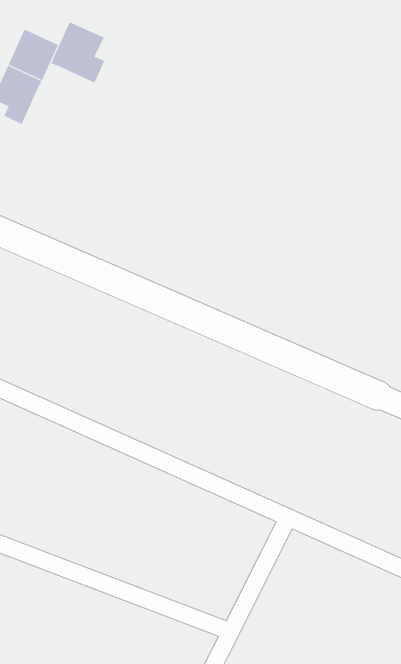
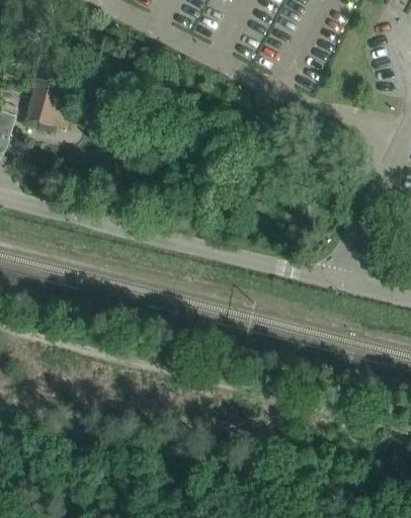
building: [50,21,105,84] -> none

